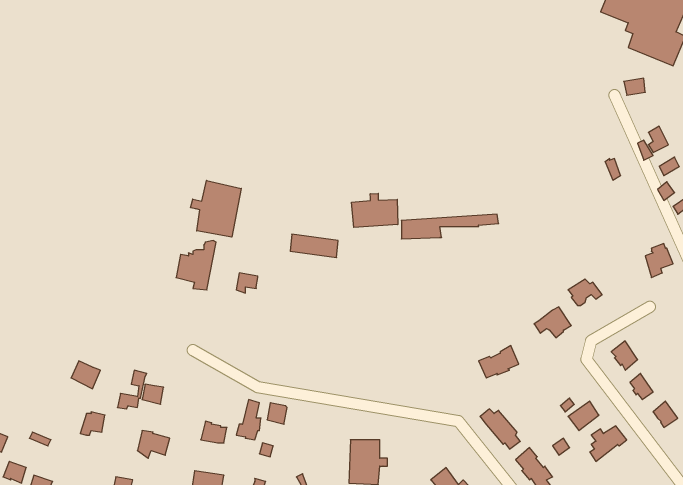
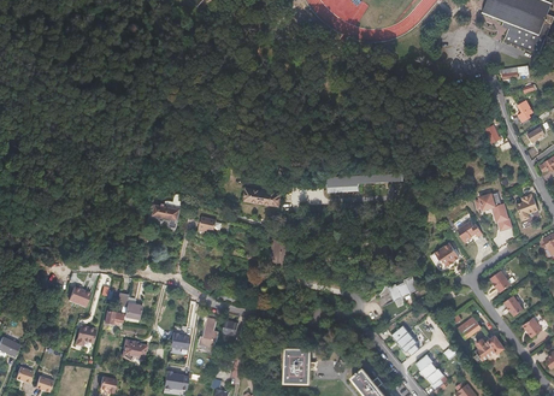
building: [191,180,241,237] -> none
building: [352,193,398,227] -> none
building: none -> [475,193,511,230]

